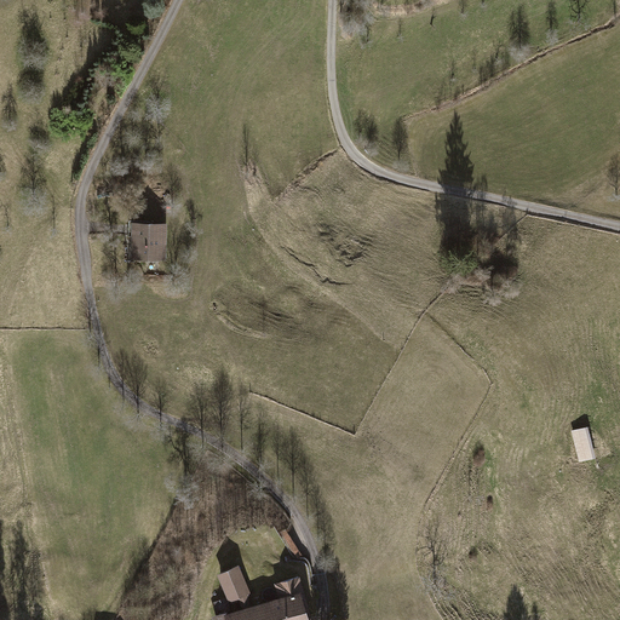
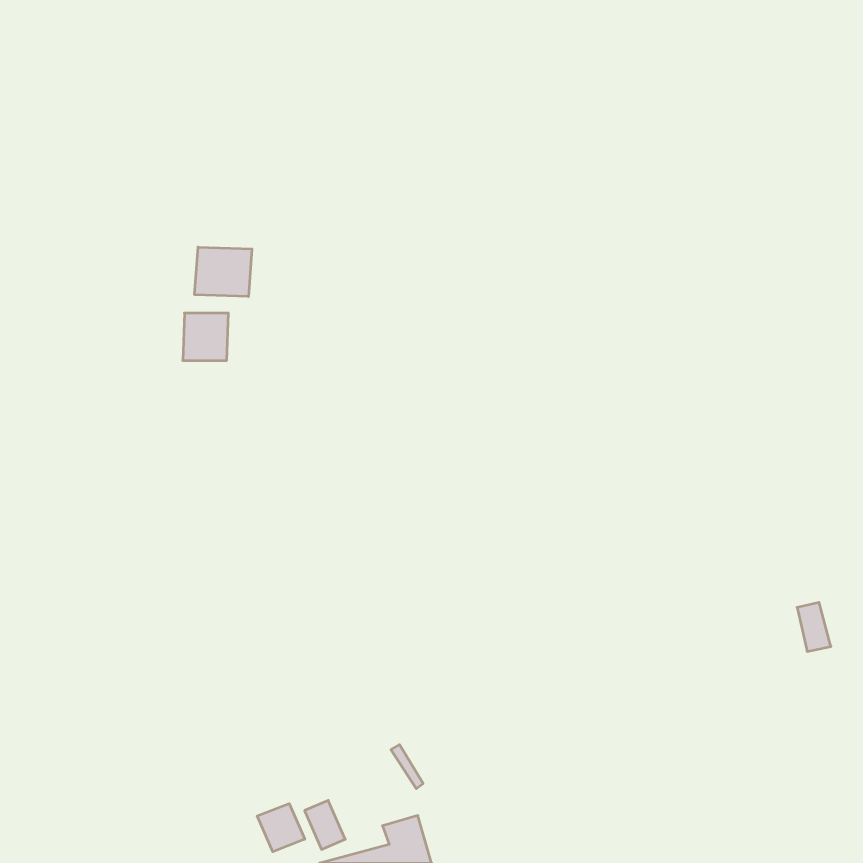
building: none -> [195,247,252,297]
building: none -> [257,804,305,852]

